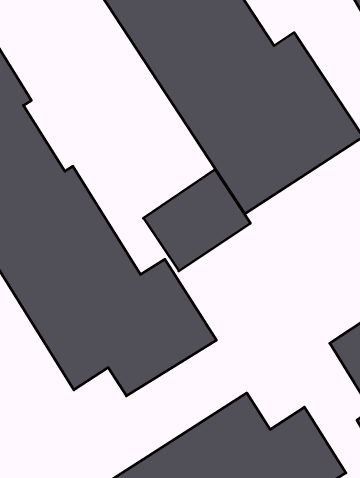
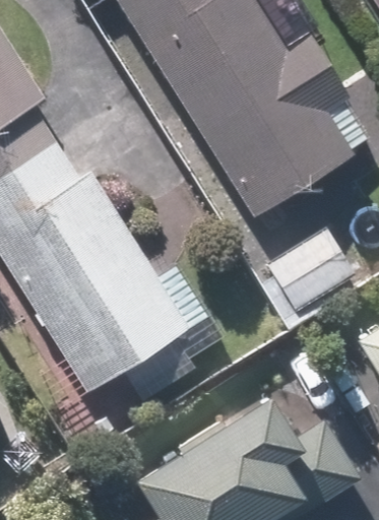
building: [143,170,250,271] -> [250,220,358,322]

